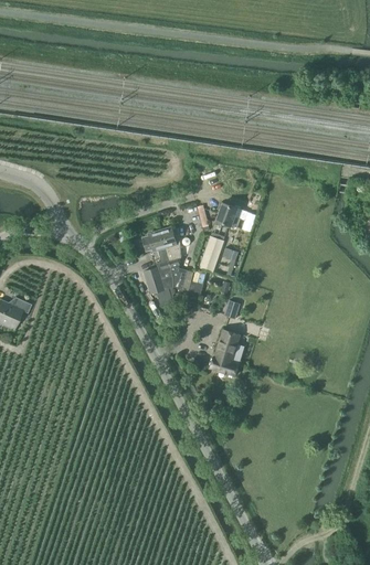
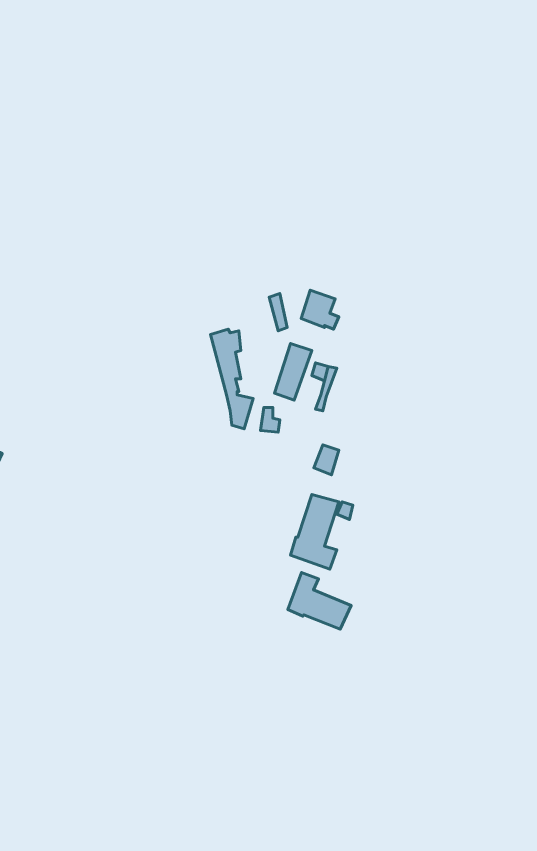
building: [142,231,173,306] -> none
building: none -> [288,572,351,629]

